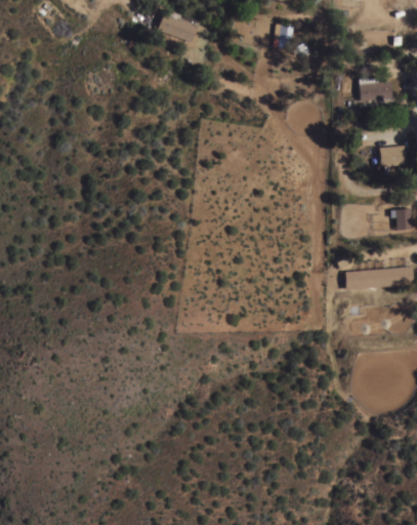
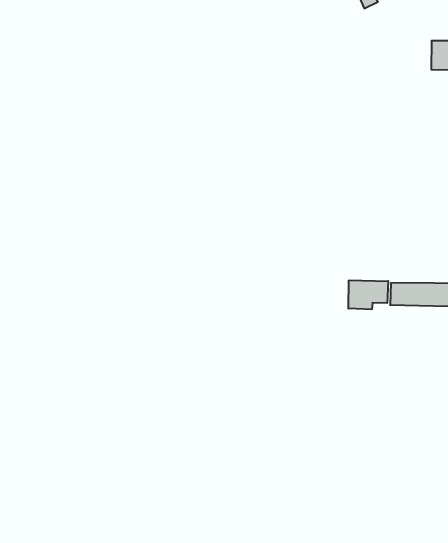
building: none -> [348,280,388,309]

